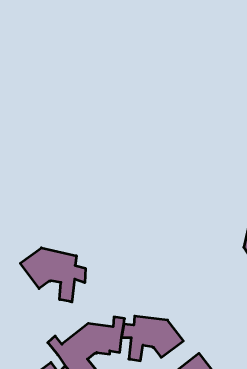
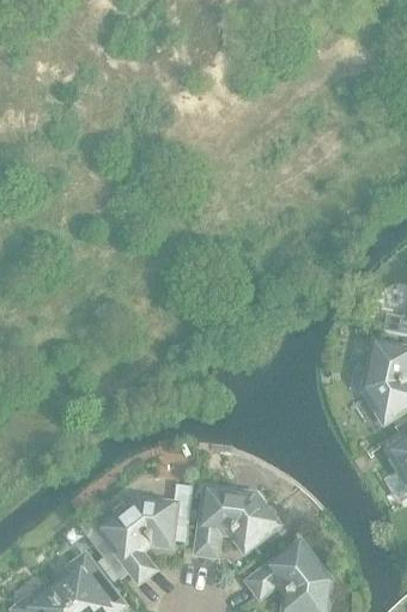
building: [20,248,85,302] -> none

